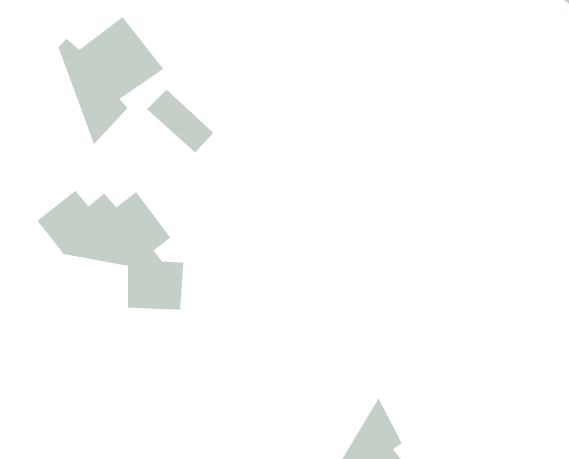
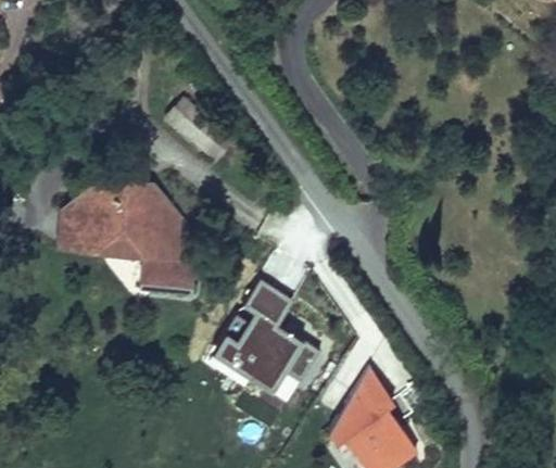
building: [58,16,164,145] -> none
building: none -> [215,283,317,391]

